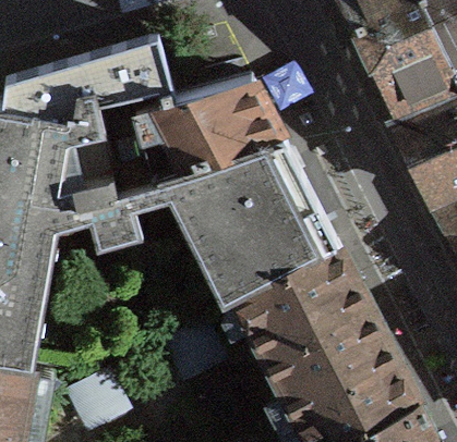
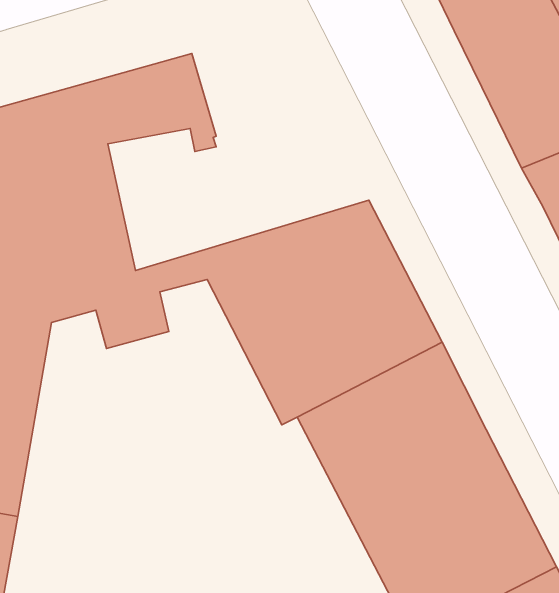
building: [99,86,288,195] -> none

